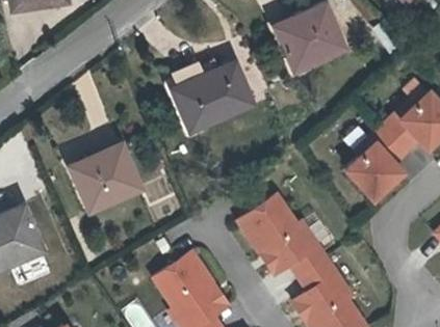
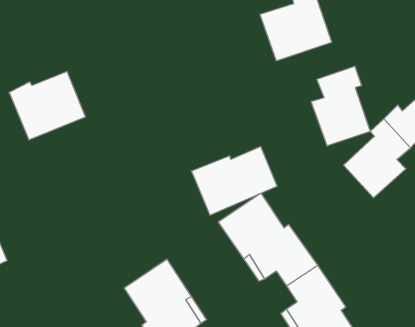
building: [174,66,251,128] -> [191,147,277,215]
building: none -> [311,66,370,146]
building: [70,142,138,203] -> [9,71,86,140]

